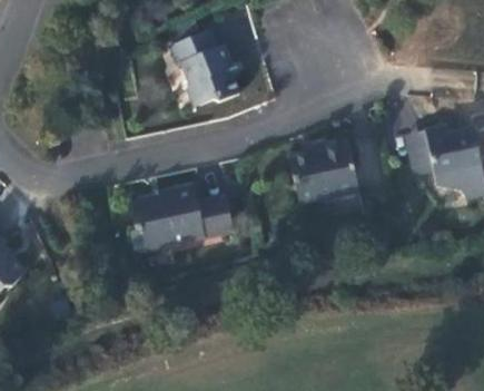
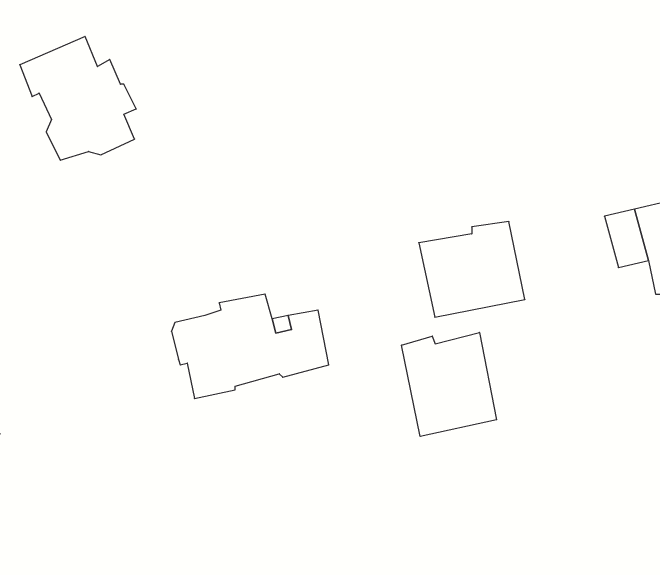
building: [169,38,243,116] -> [20,36,136,160]
building: none -> [402,332,497,436]

